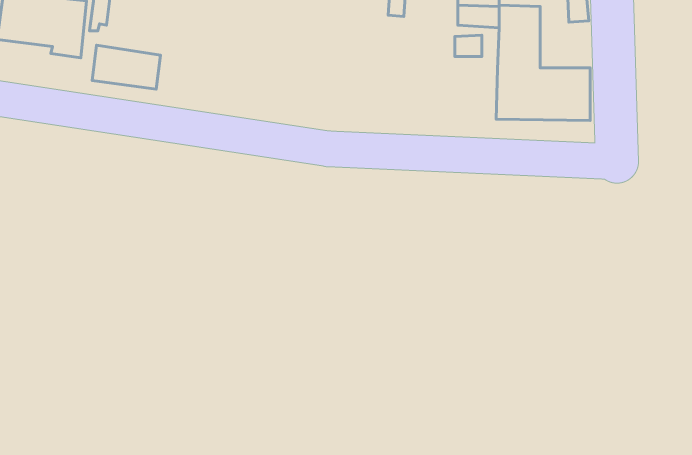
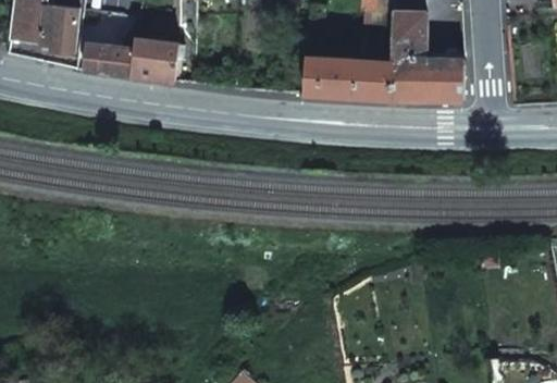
building: none -> [131,37,177,83]
building: none -> [304,57,392,100]

